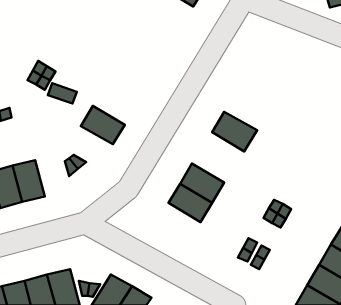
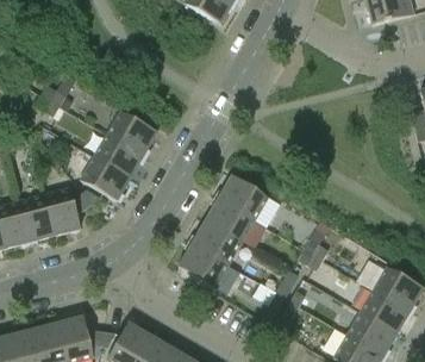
building: none -> [108,110,157,155]
building: [212,112,257,151] -> [219,175,269,219]
building: none -> [81,156,131,200]
building: none -> [44,187,81,235]
building: none -> [180,242,229,287]

